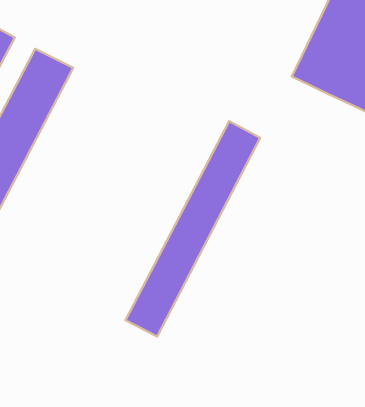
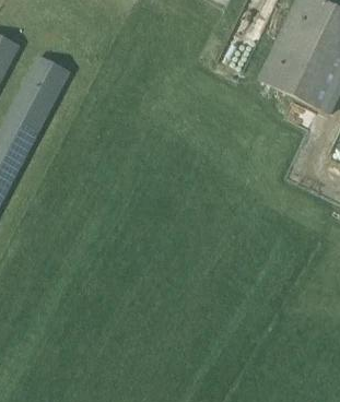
building: [125,121,260,336] -> none

